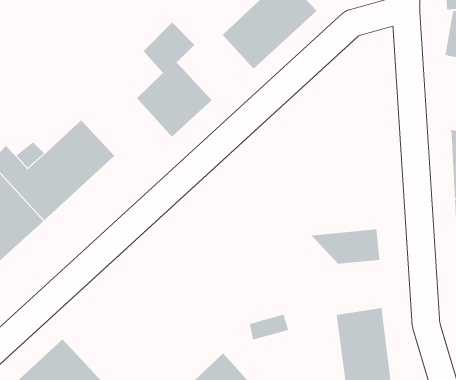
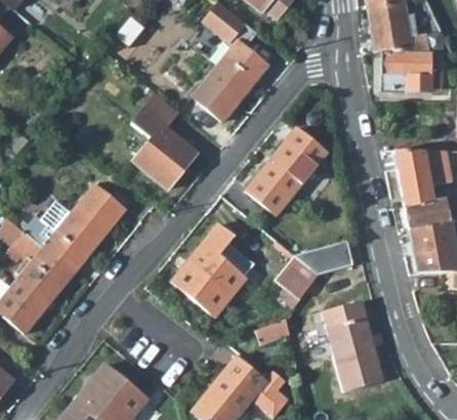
building: none -> [247,128,325,212]
building: none -> [172,224,255,314]
building: none -> [279,255,319,296]

